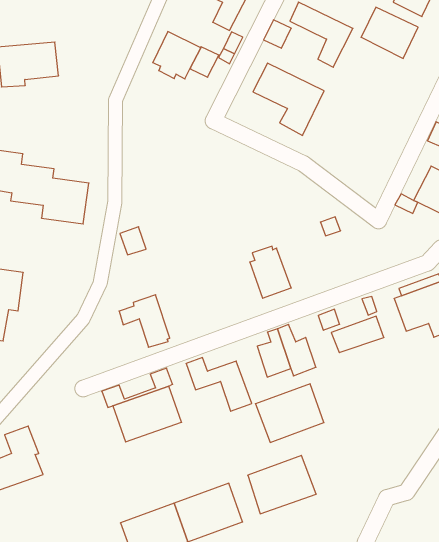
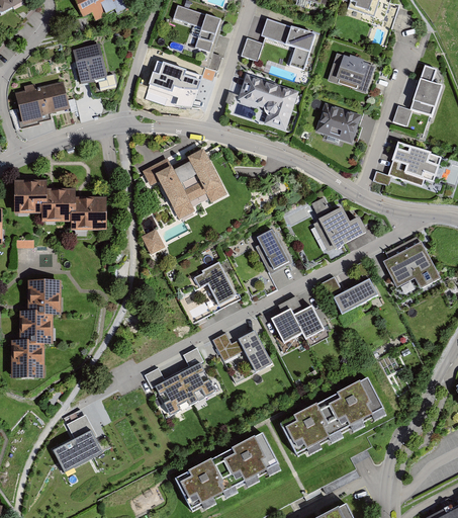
building: none -> [73,44,116,89]
building: [361,7,418,58] -> [328,53,375,93]
building: none -> [315,102,362,143]
building: none -> [142,148,227,219]
building: none -> [318,207,367,251]
building: [119,295,170,347] -> [190,262,237,308]
building: [255,384,324,442] -> [322,381,382,436]

